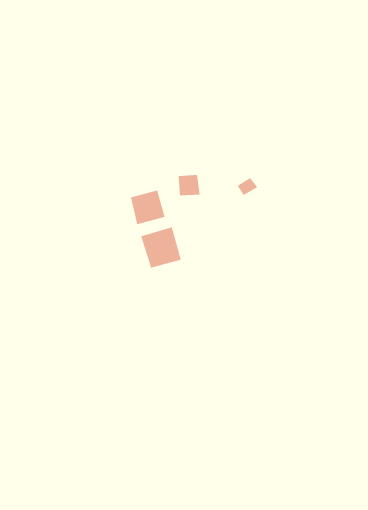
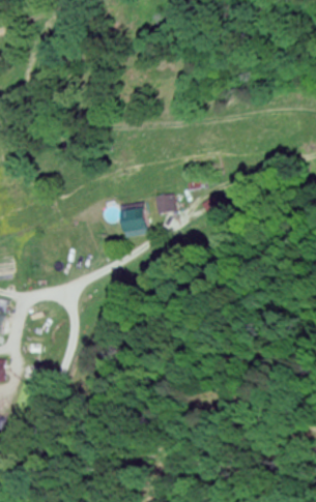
building: [140,227,181,269] -> none

